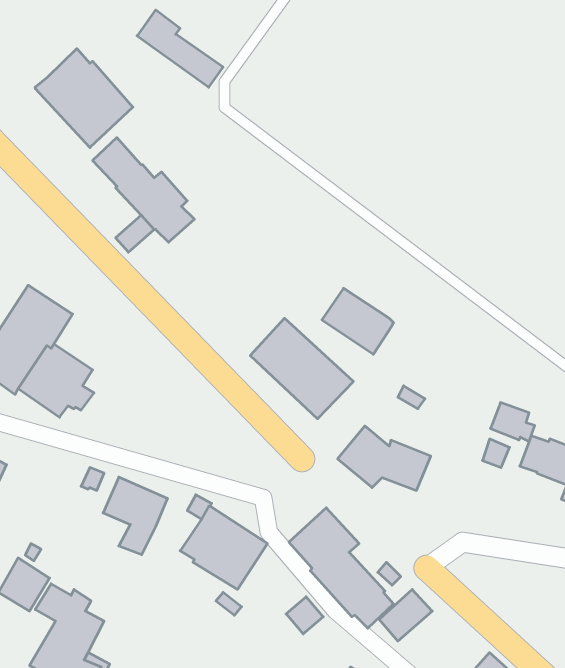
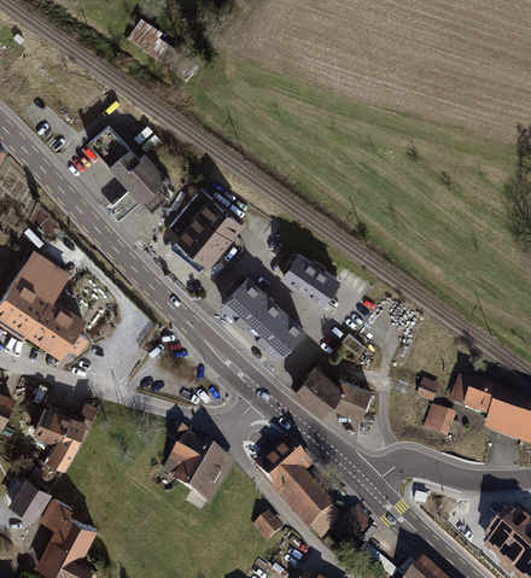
building: [35,49,133,148] -> none
building: none -> [164,186,246,269]
building: [490,403,535,441] -> [422,403,460,436]
building: [103,477,168,555] -> [33,404,87,469]

